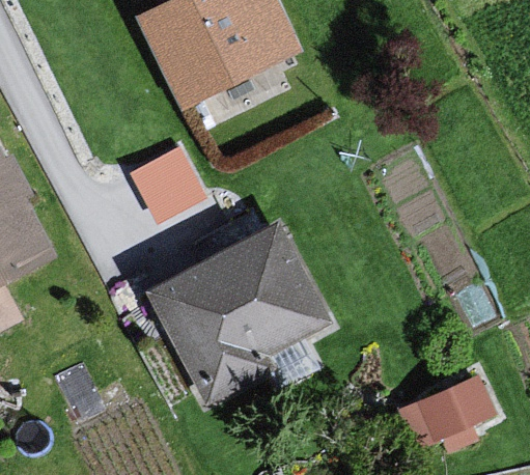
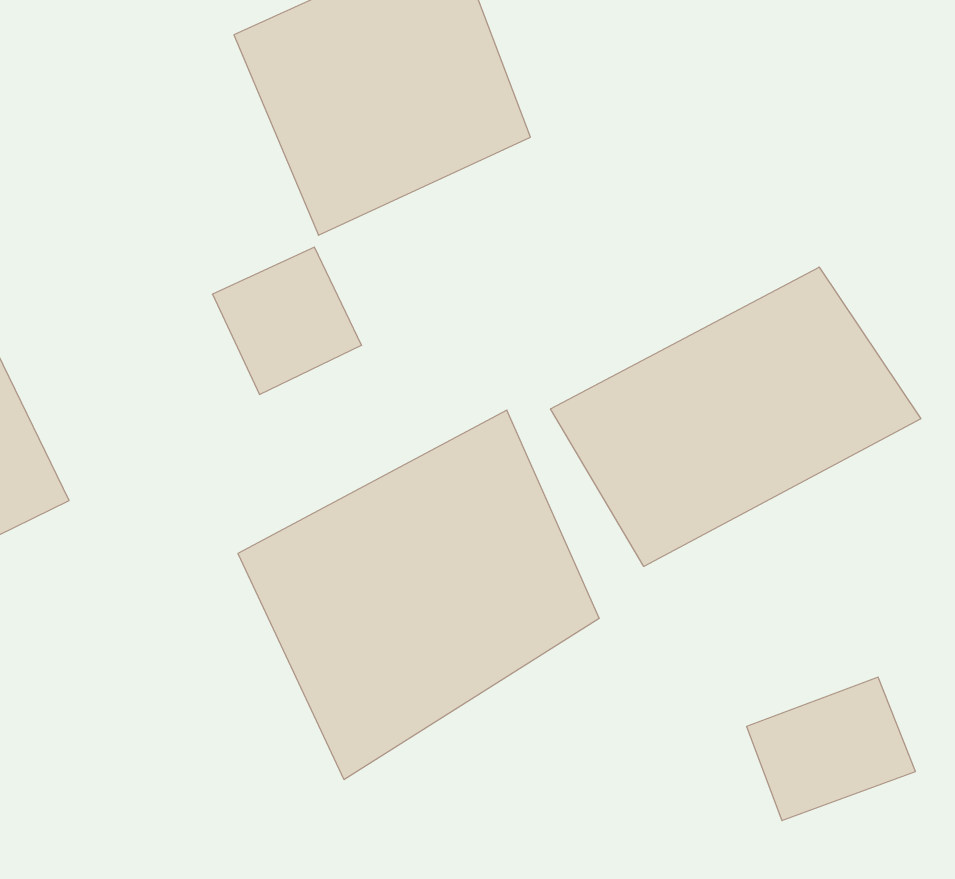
building: none -> [551,267,921,566]

